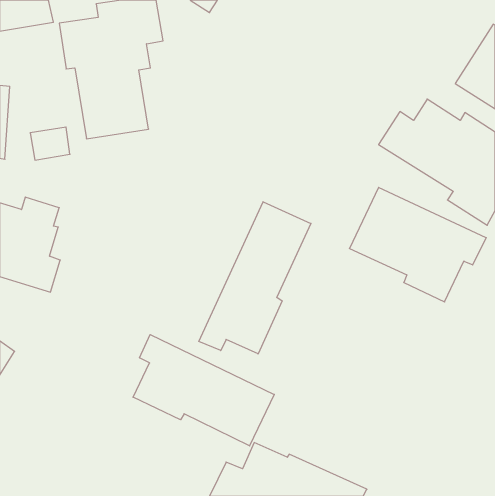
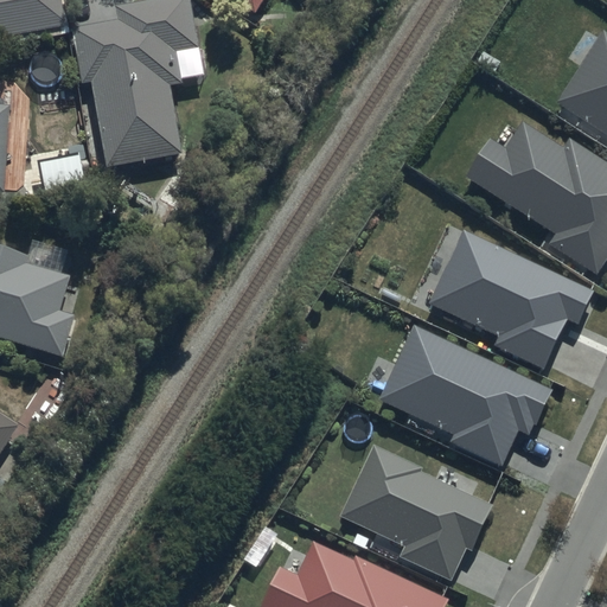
building: [199,202,311,354] -> none
building: none -> [378,325,554,465]
building: [133,335,274,446] -> none
building: none -> [339,443,493,581]

